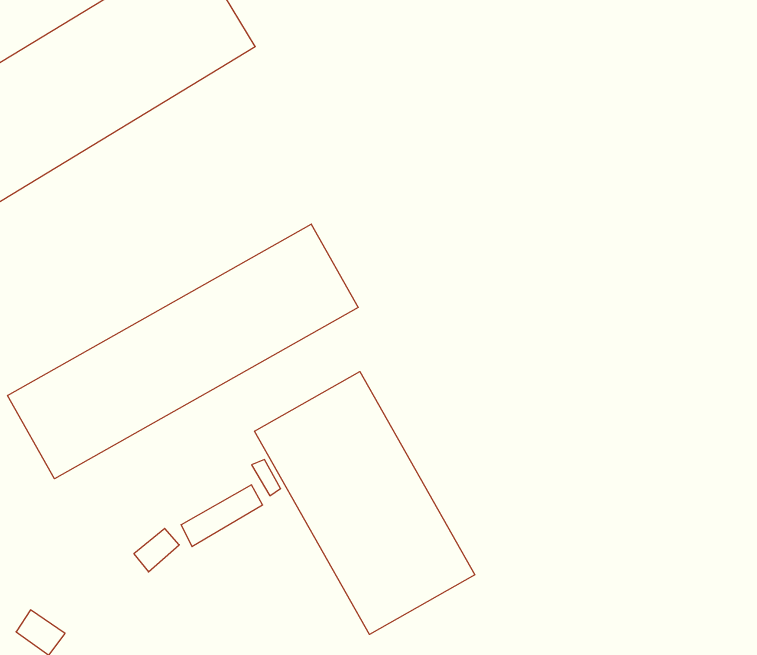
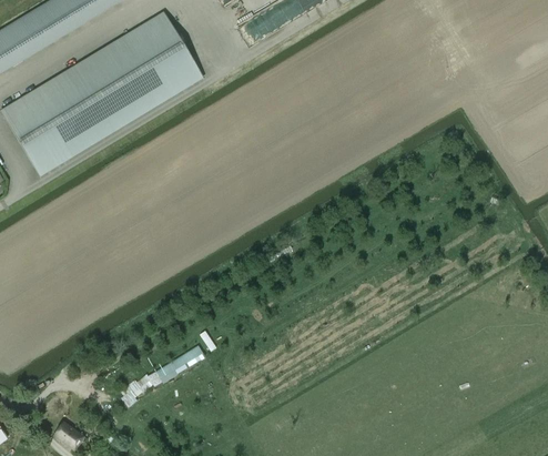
building: [8,224,358,479] -> none
building: [255,372,475,634] -> none

